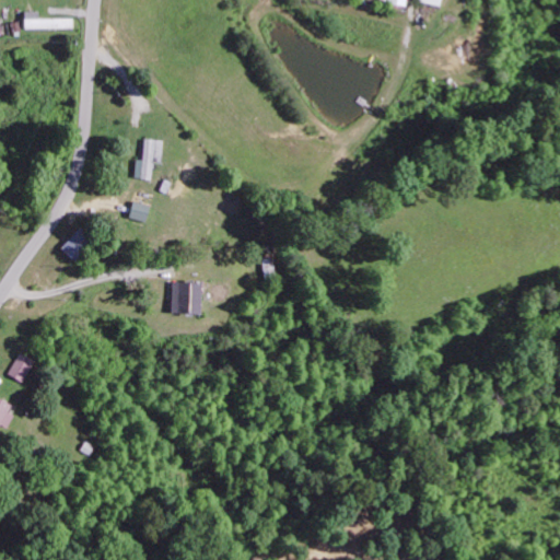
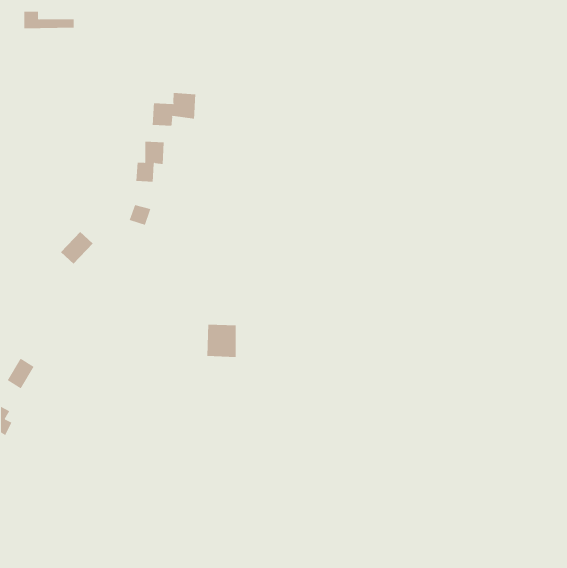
building: none -> [152,92,196,126]
building: [171,281,200,314] -> [206,324,236,357]

